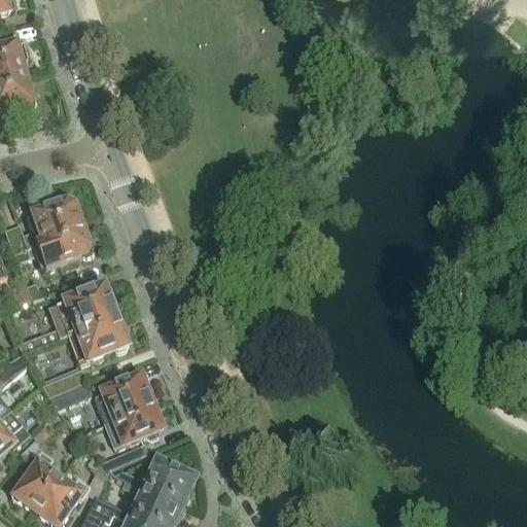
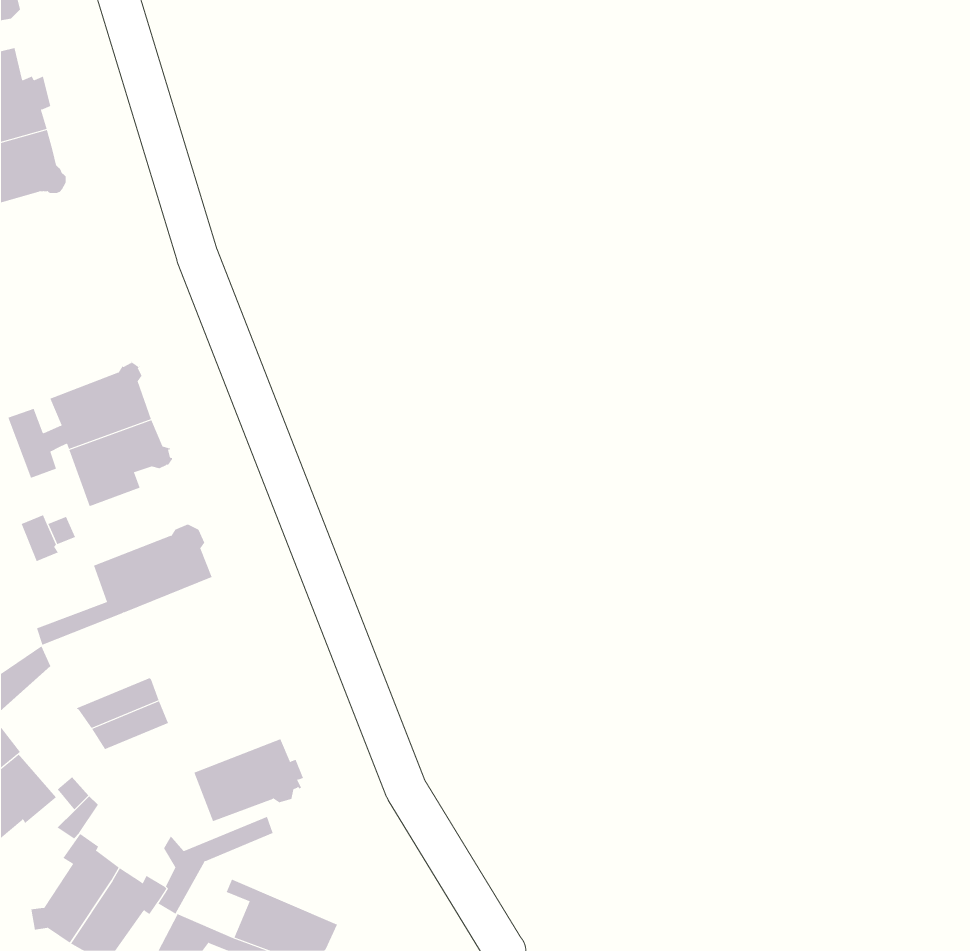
building: [67,313,129,362] -> none
building: [96,374,152,419] -> none
building: [115,455,195,501] -> none

